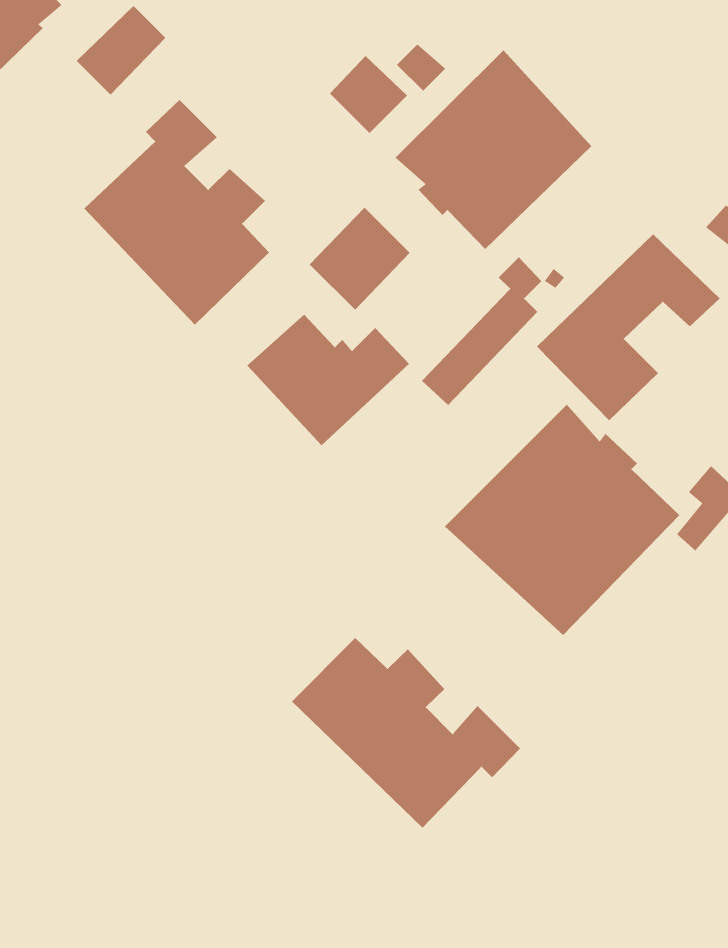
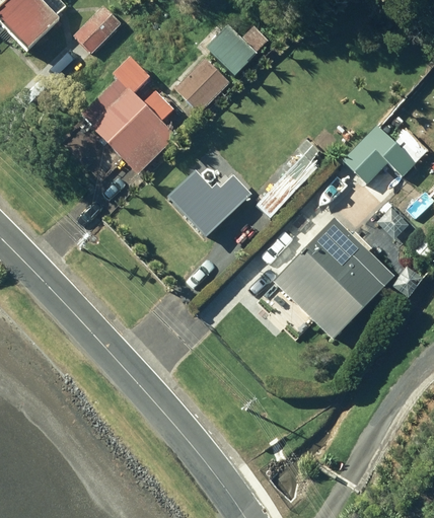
building: [395,49,592,250] -> none
building: [309,207,411,310] -> [176,57,230,112]
building: [291,637,521,828] -> none

